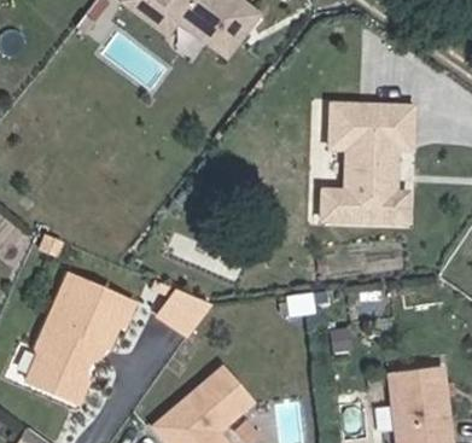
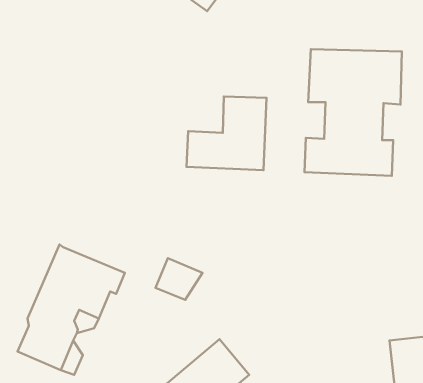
building: none -> [187,96,266,170]

